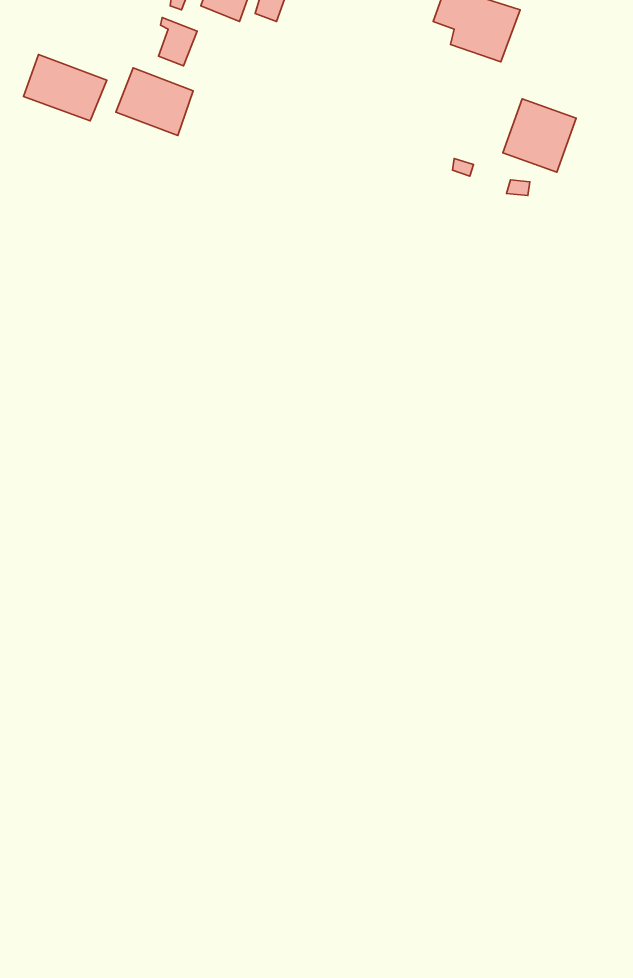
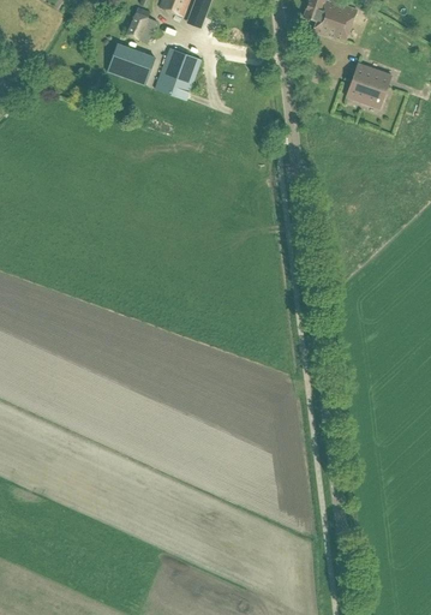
building: [24,54,107,121] -> none
building: none -> [154,47,200,100]

